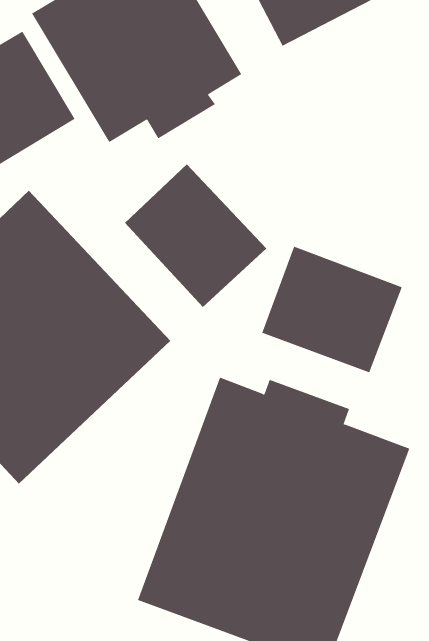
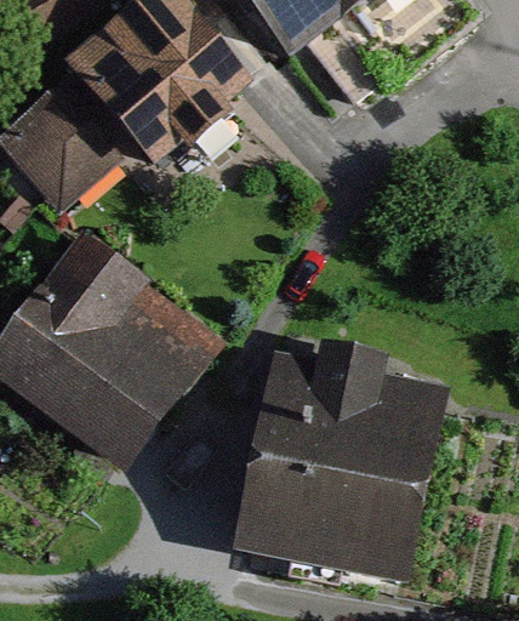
building: [124,164,267,308] -> none
building: [261,246,403,373] -> none

